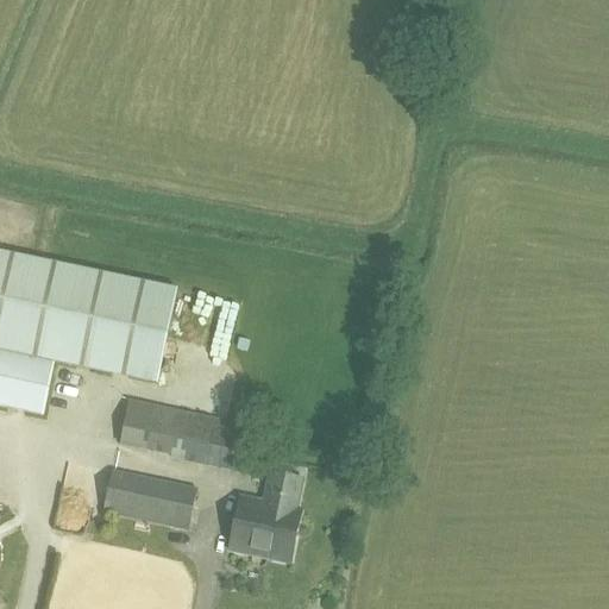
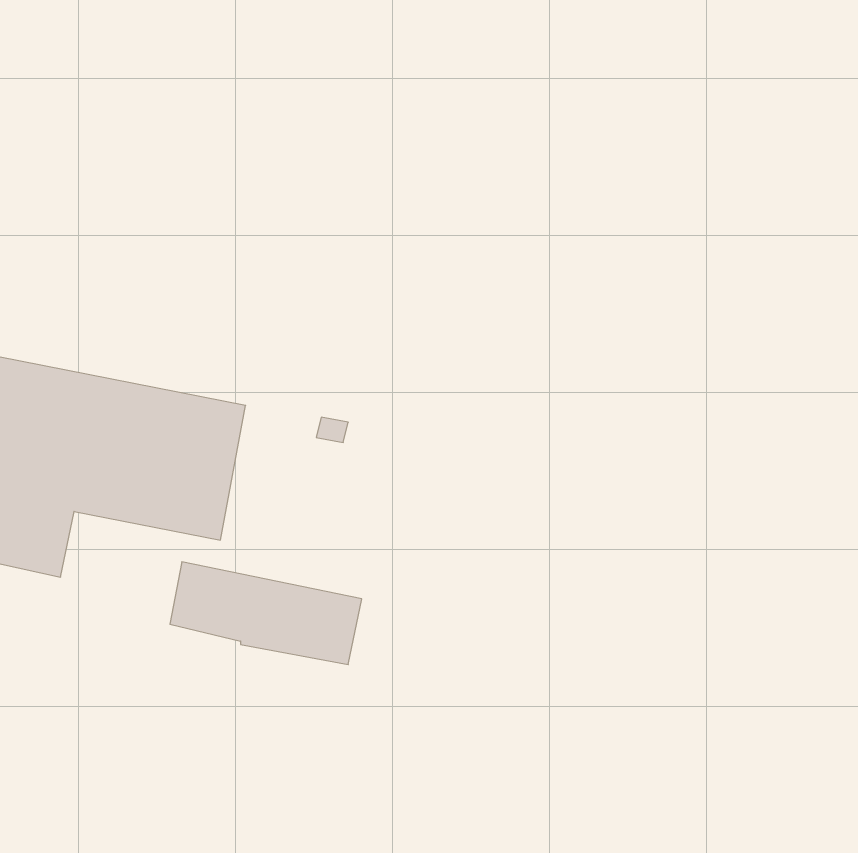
building: [103,467,197,527] -> none
building: [230,469,302,558] -> none

